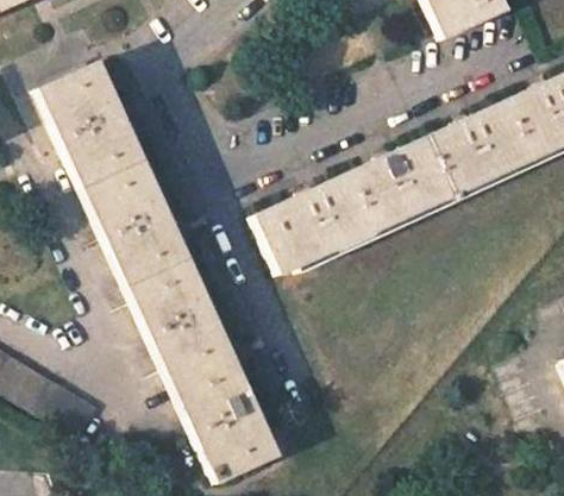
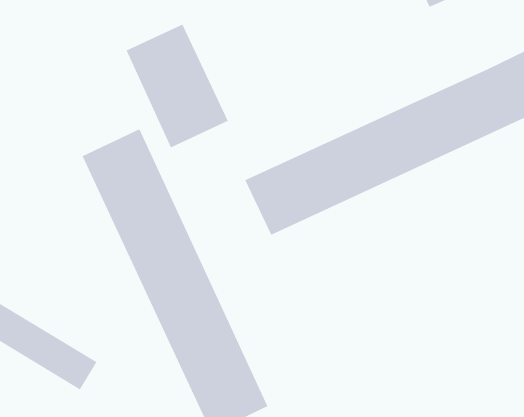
building: [38,62,145,192] -> [126,24,229,149]

